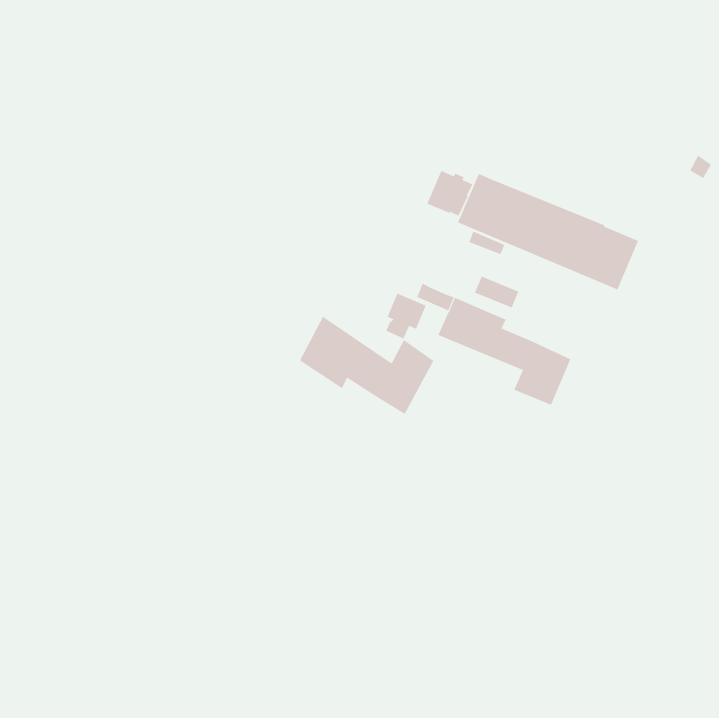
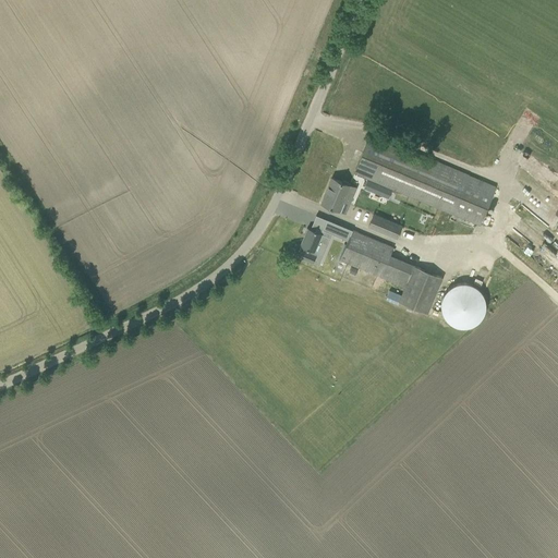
building: [427,170,473,217] -> [320,178,356,214]
building: [299,316,434,415] -> none
building: none -> [434,279,487,332]

